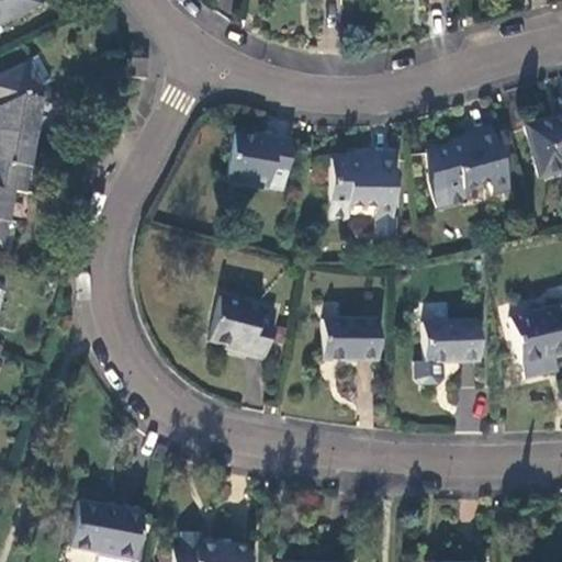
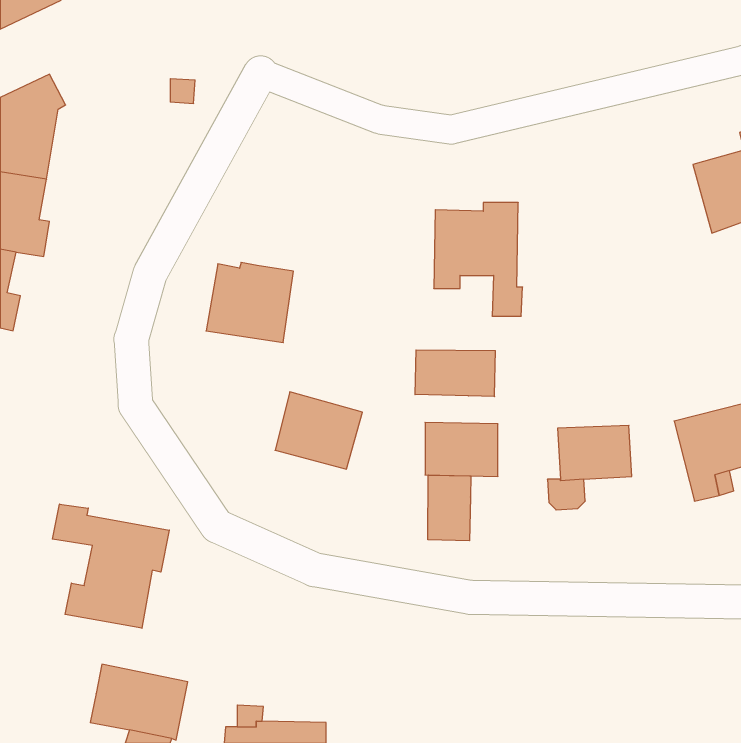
building: [432,125,507,203] -> none
building: [226,131,292,191] -> [206,262,293,343]
building: none -> [415,350,495,397]
building: none -> [428,475,471,541]
building: none -> [52,504,169,628]

